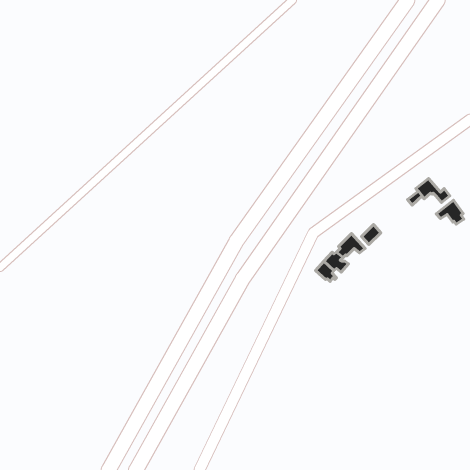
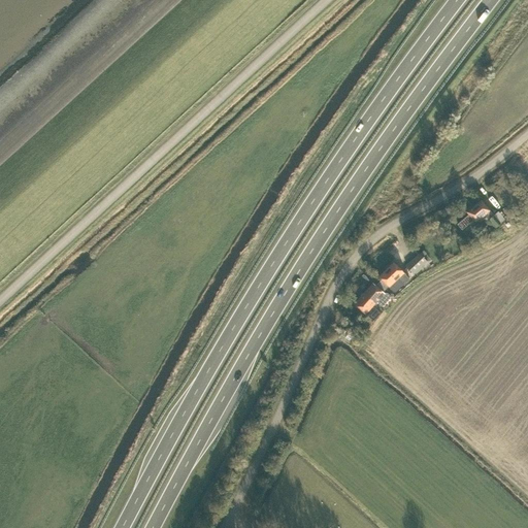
building: [436,200,464,224] -> none

